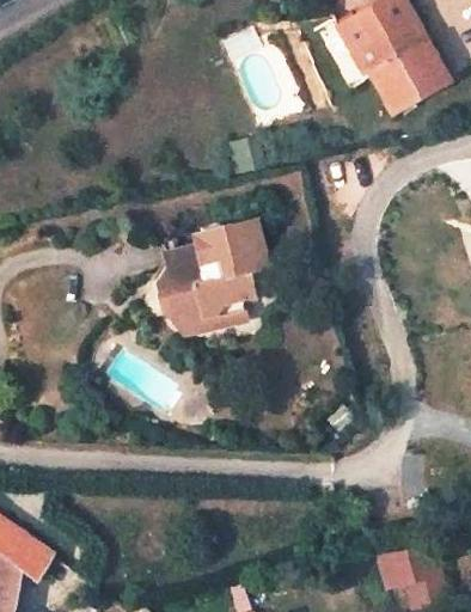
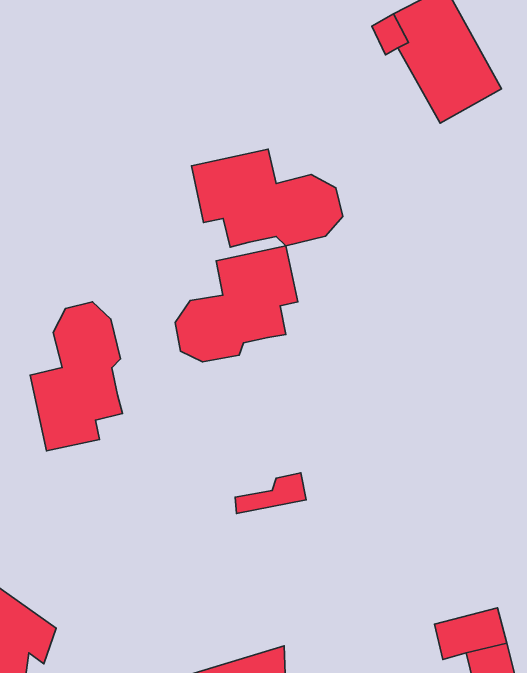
building: none -> [192,149,343,247]
building: none -> [30,302,122,451]
building: [181,301,243,337] -> [235,473,306,514]

